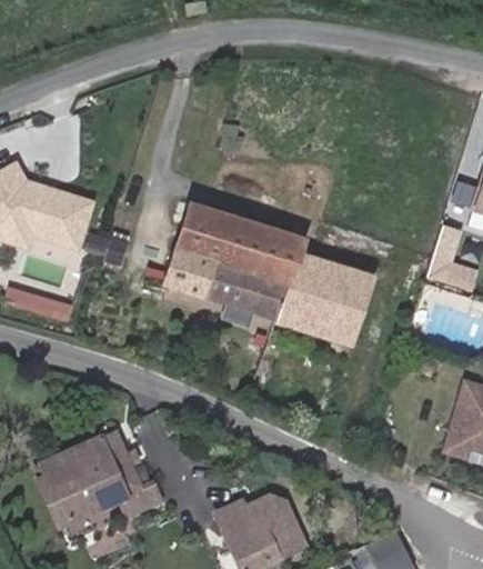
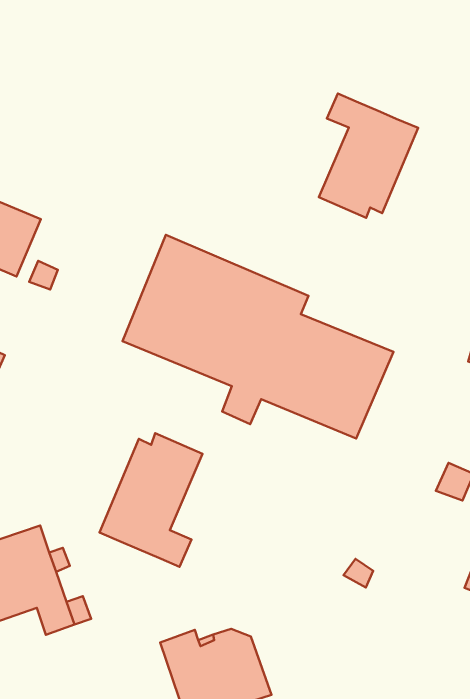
building: none -> [319,94,418,218]
building: none -> [99,433,202,567]

